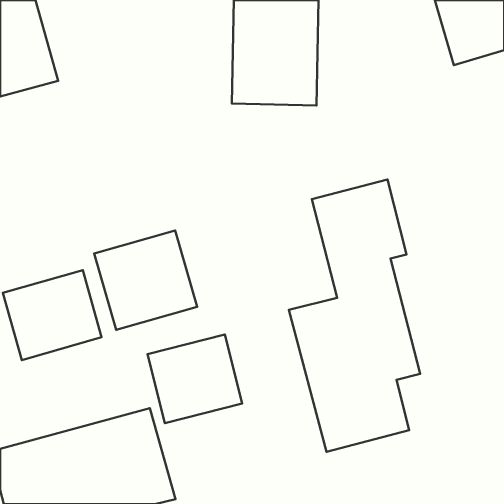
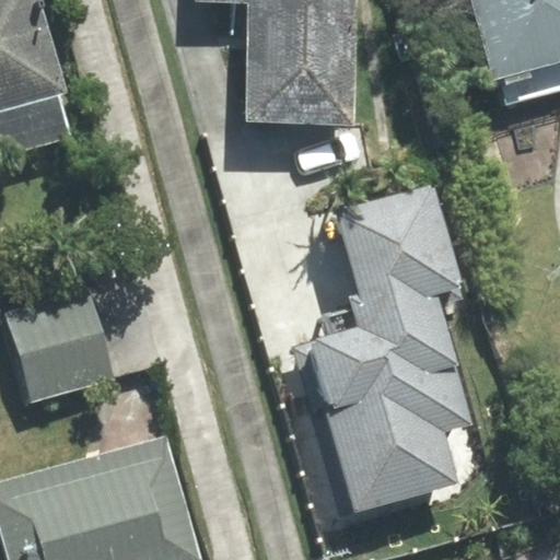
building: [94,230,197,330] -> none
building: [147,335,242,423] -> none

